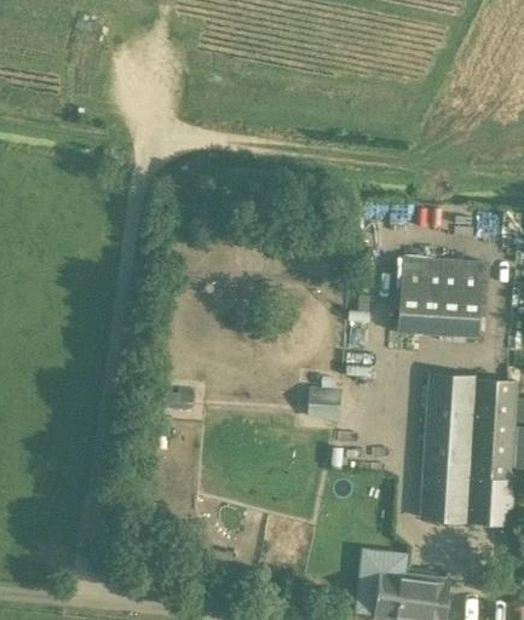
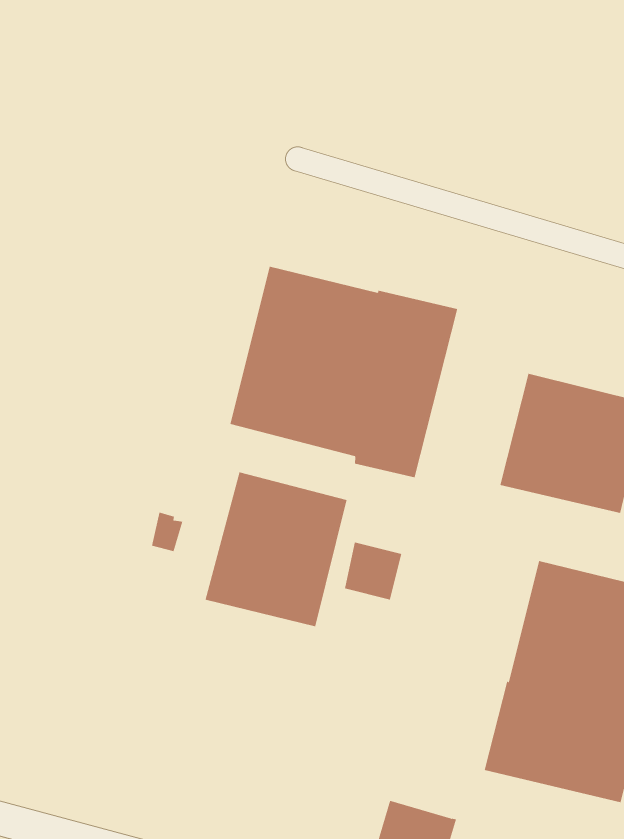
building: none -> [230,266,458,478]
building: none -> [205,471,347,627]

